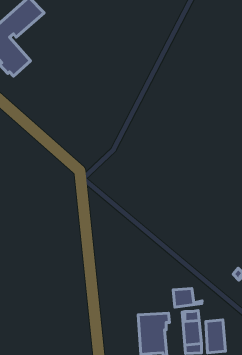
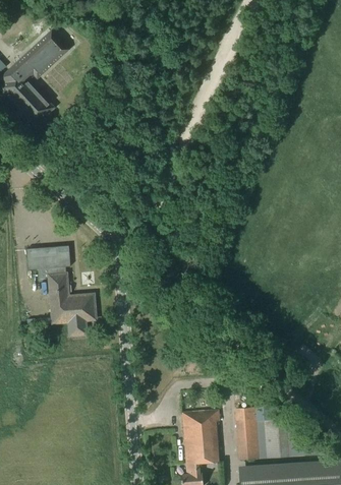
building: none -> [26,245,96,335]
building: [173,288,202,307] -> none

